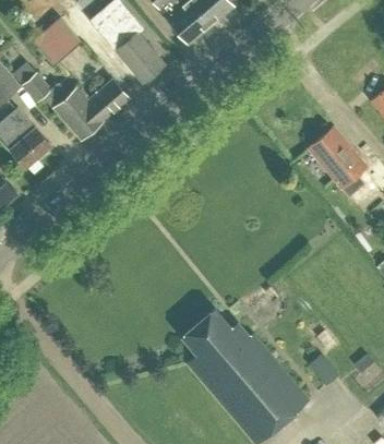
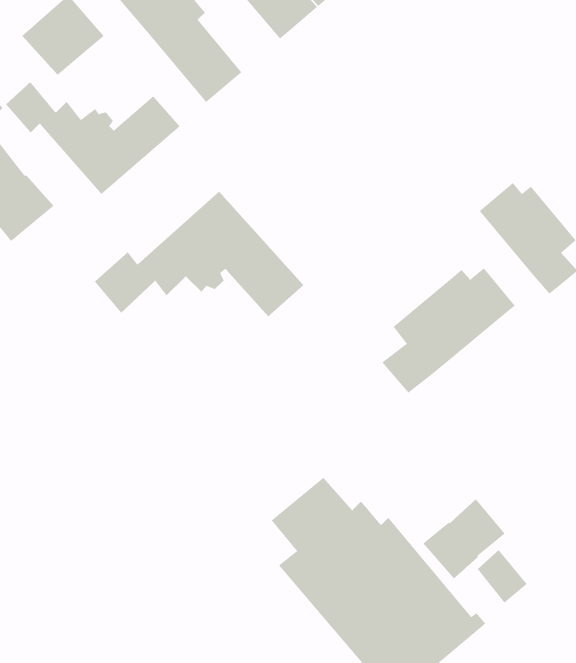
building: none -> [94,191,304,317]
building: none -> [382,267,515,394]
building: none -> [423,498,506,579]

